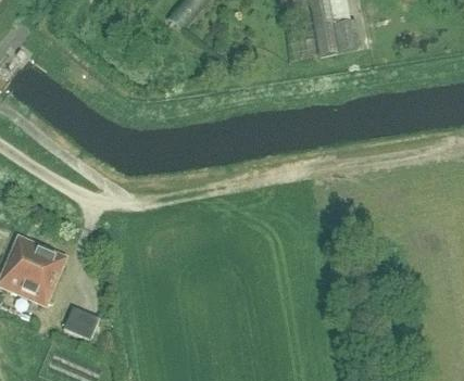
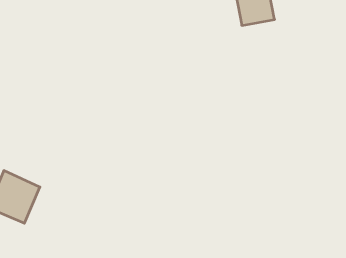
building: [63,306,99,340] -> none

